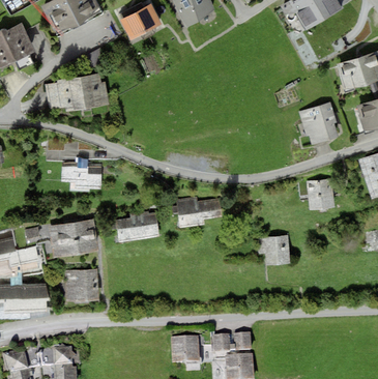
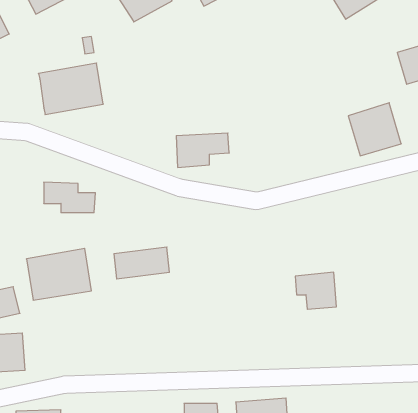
building: [307,178,335,208] -> none
building: [178,200,220,227] -> [176,133,229,167]
building: [64,268,99,300] -> none

